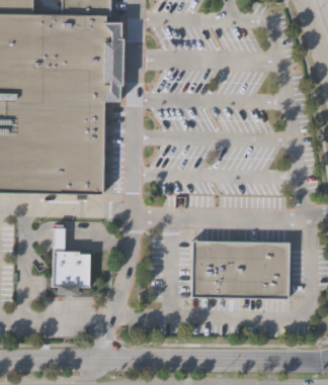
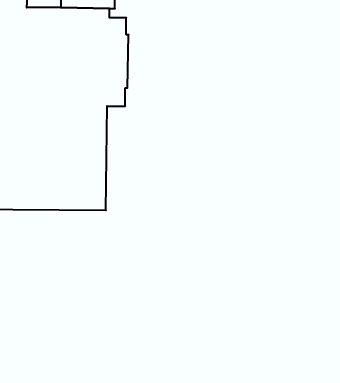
building: [52,228,90,294] -> none
building: [193,238,290,295] -> none

